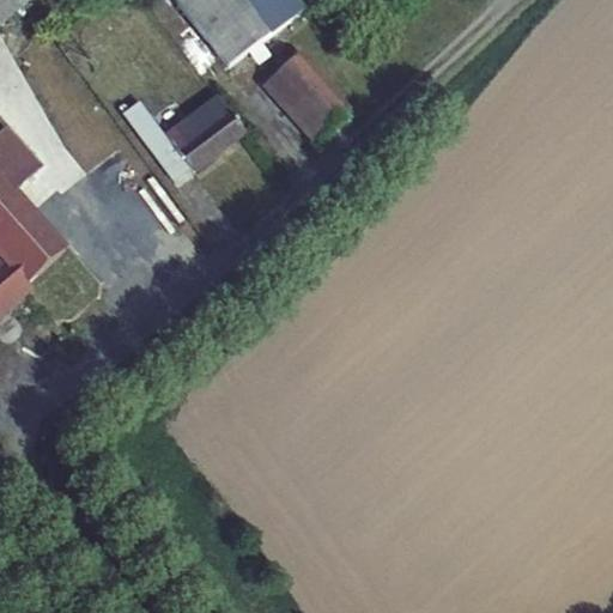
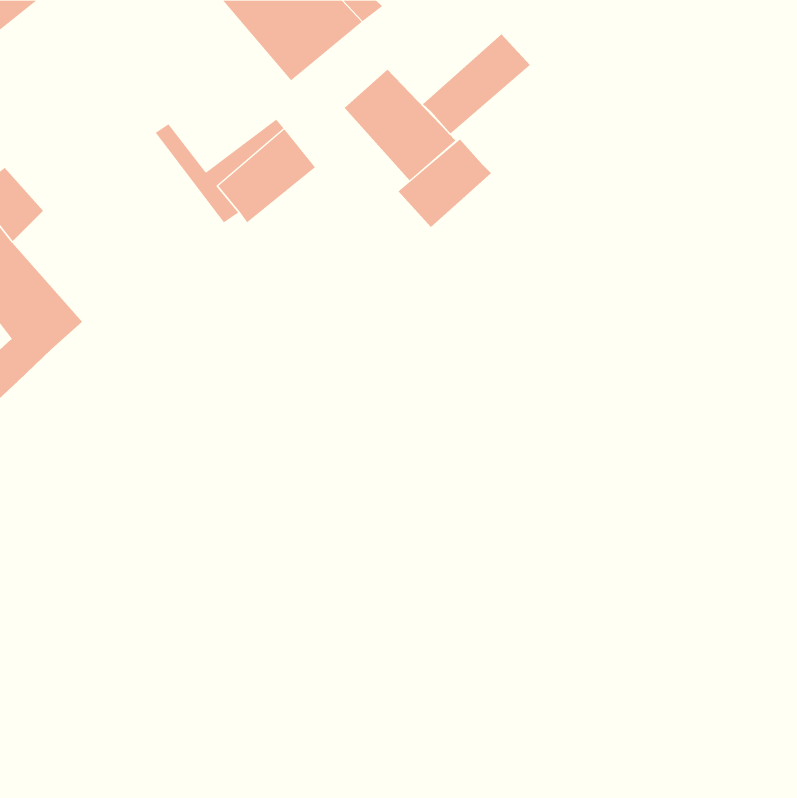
building: none -> [422,33,531,134]
building: none -> [397,139,492,228]

